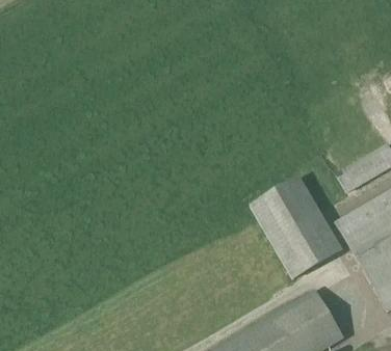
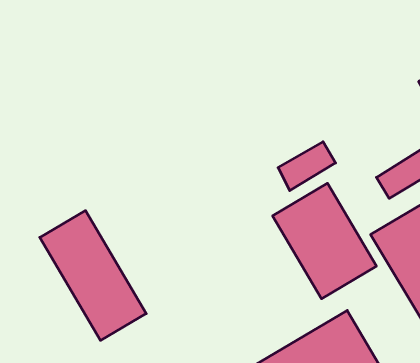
building: none -> [278,142,336,191]
building: none -> [40,211,146,340]

